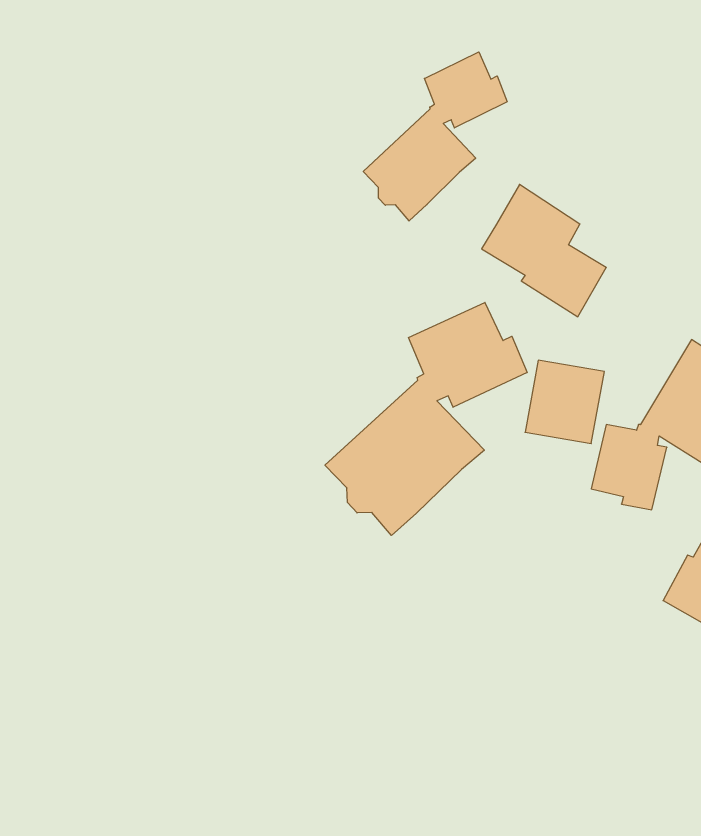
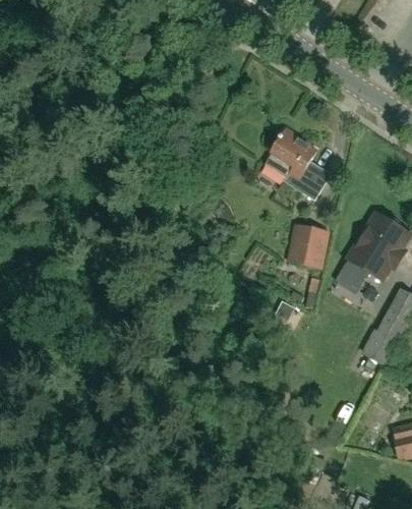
building: [363,52,507,221] -> none
building: [325,302,527,535] -> none

